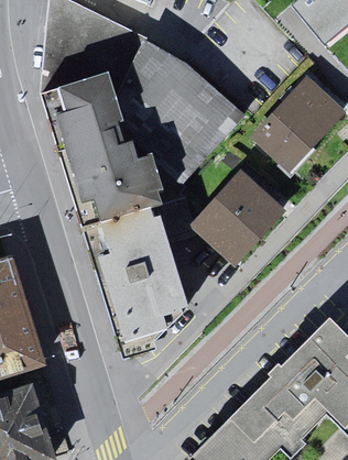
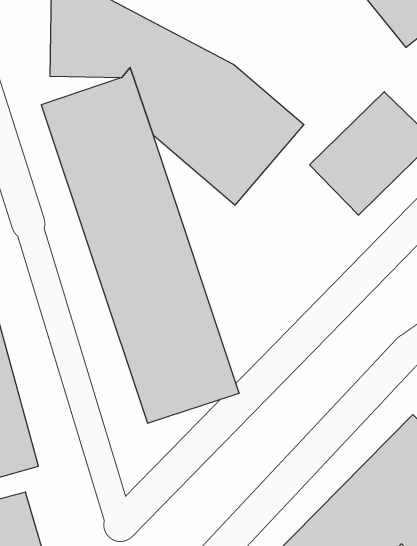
building: [191,172,284,266] -> none

